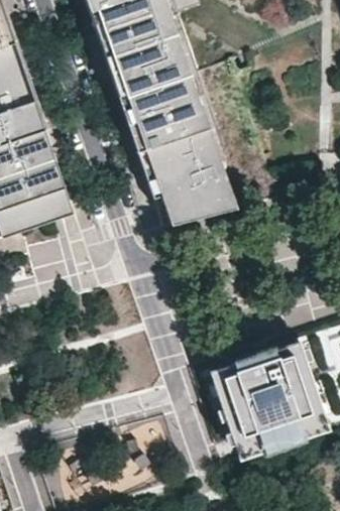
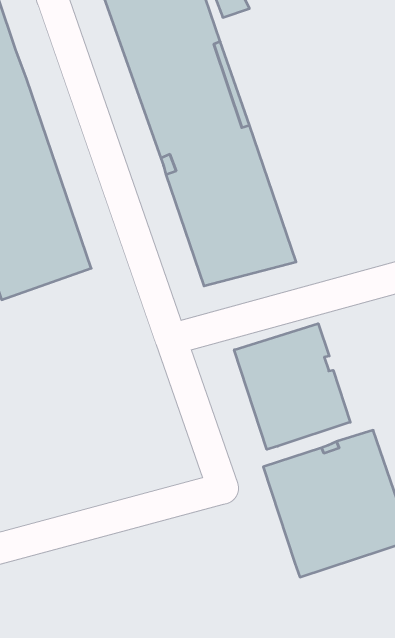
building: none -> [234,324,350,449]

